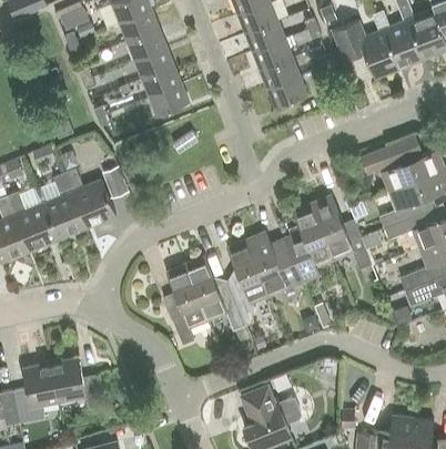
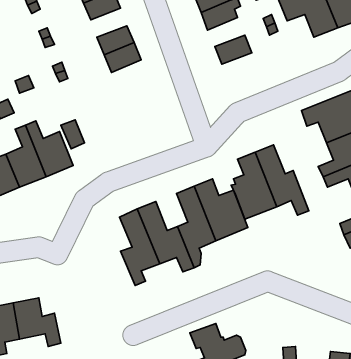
building: [134,47,173,78] -> none
building: [260,57,300,88] -> none

